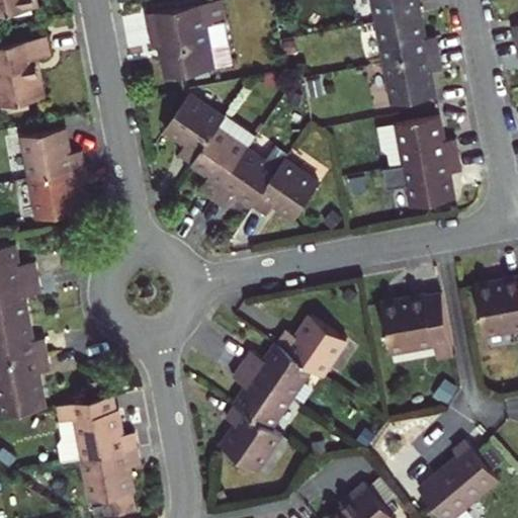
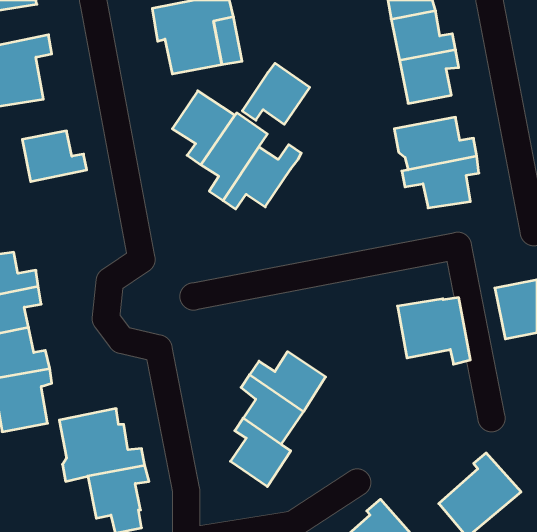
building: [254,160,319,219] -> [242,63,310,124]
building: [29,170,87,222] -> none
building: [275,316,344,375] -> none

